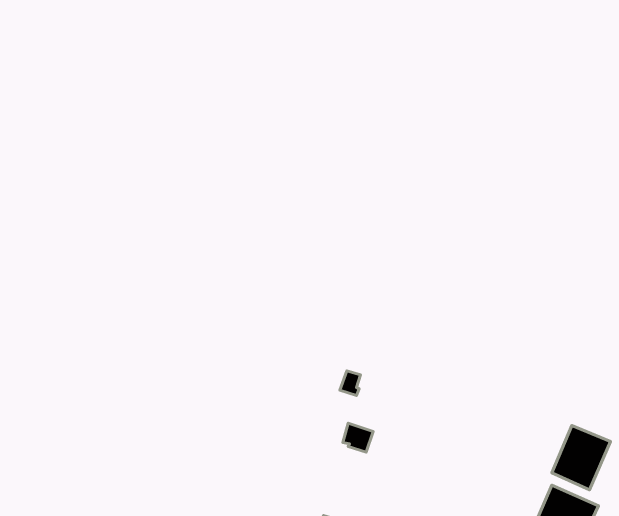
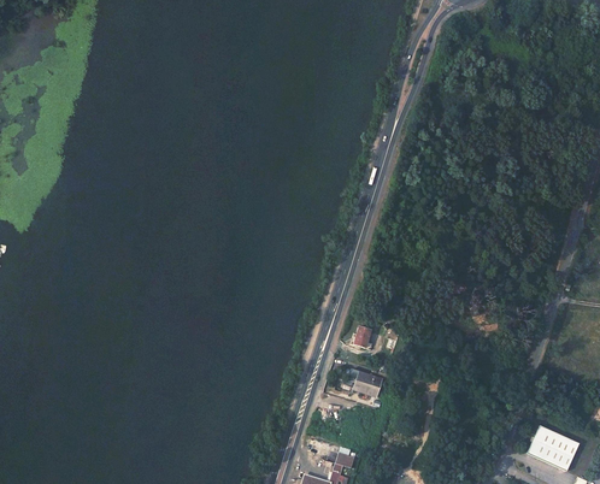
building: [552,426,611,490] -> none

